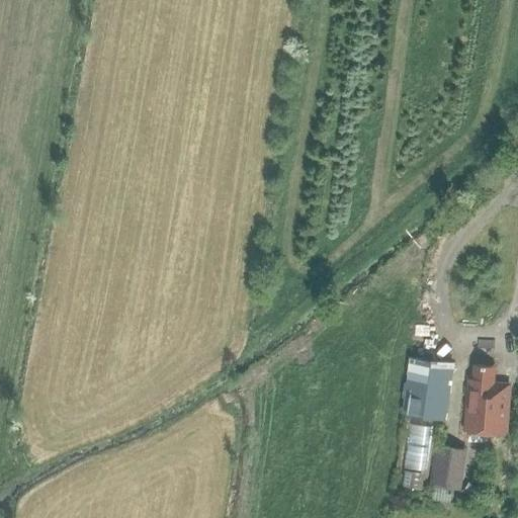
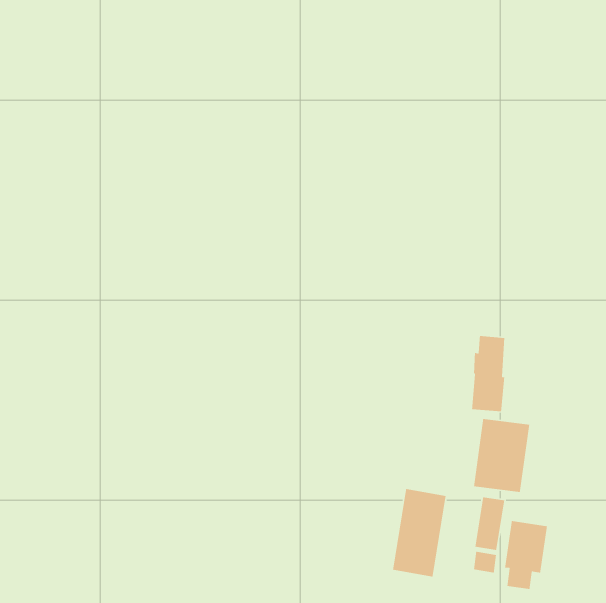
building: [466,366,496,435] -> [471,335,505,416]
building: none -> [392,488,446,578]

